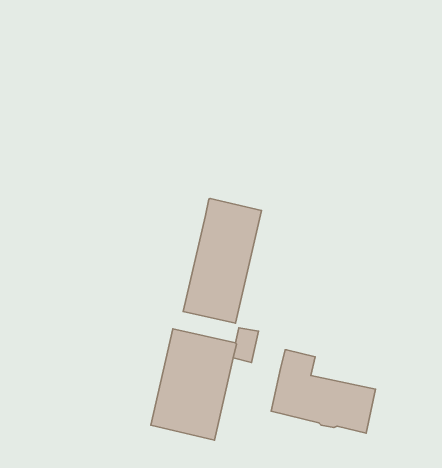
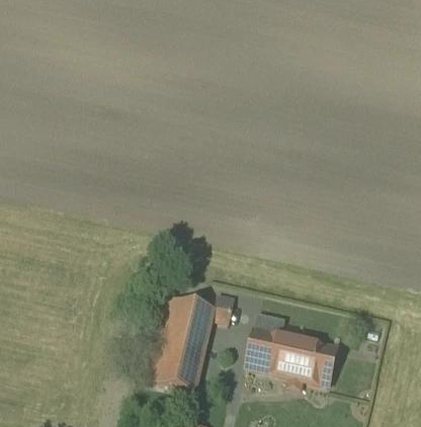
building: [183,198,261,323] -> none

